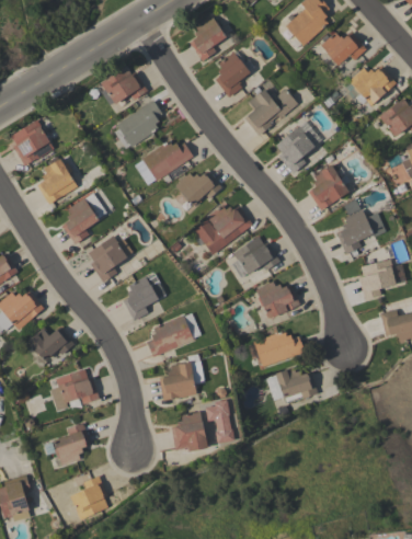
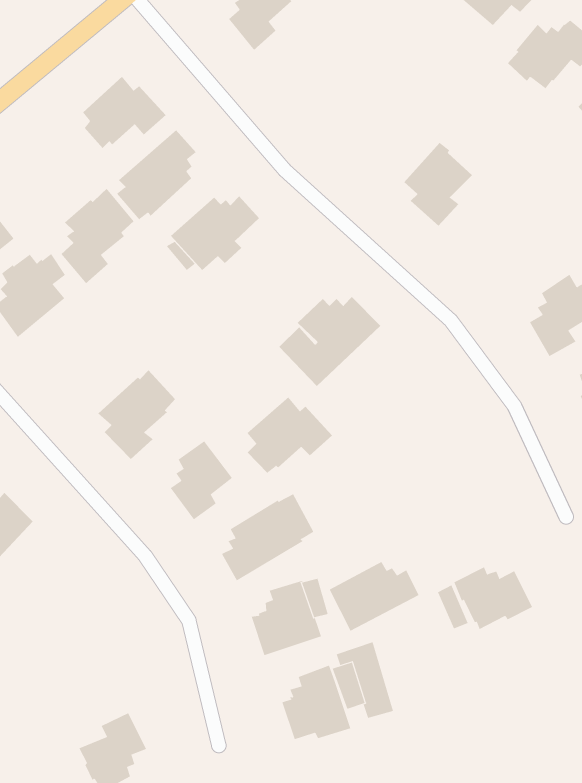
building: [215,51,250,96] -> none
building: [244,89,298,136] -> none
building: [308,164,350,210] -> none
building: [175,171,221,205] -> none
building: [62,192,106,244] -> [61,188,134,284]
building: [231,236,281,277] -> [246,396,333,473]
building: [255,279,300,319] -> none
building: [28,326,75,360] -> none
building: [253,330,304,367] -> [329,561,420,632]
building: [50,369,100,411] -> none

